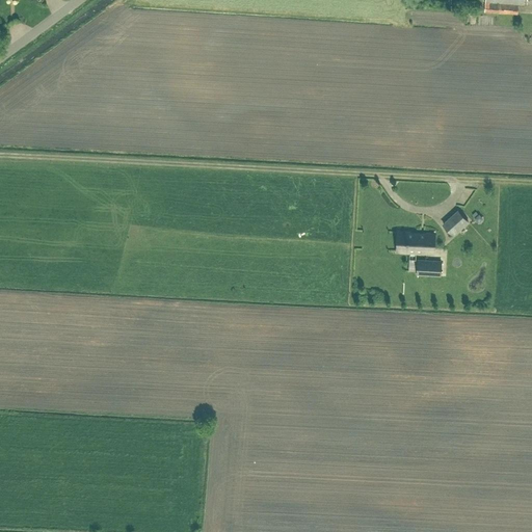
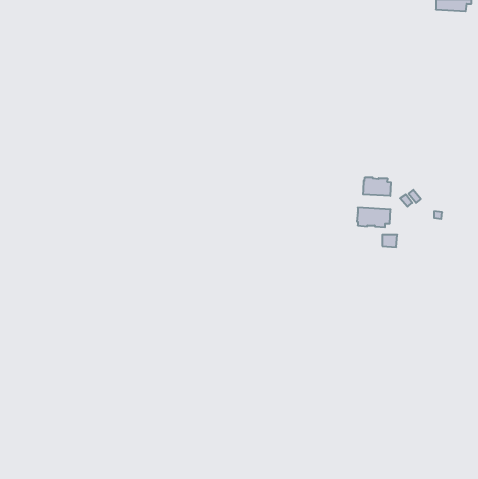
building: none -> [363,177,391,196]

